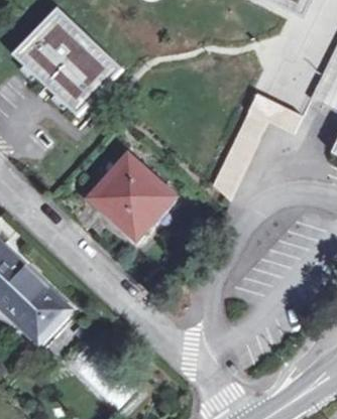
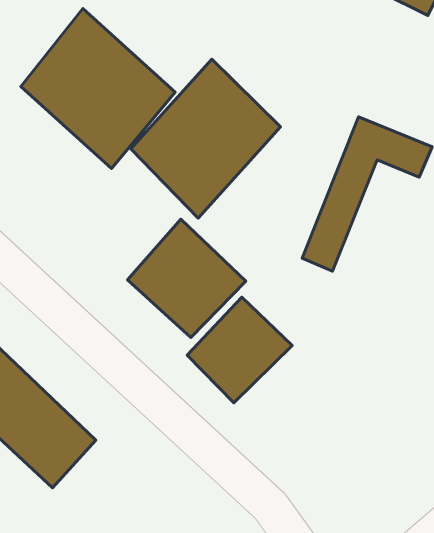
building: none -> [131,59,281,218]
building: none -> [187,297,292,403]

